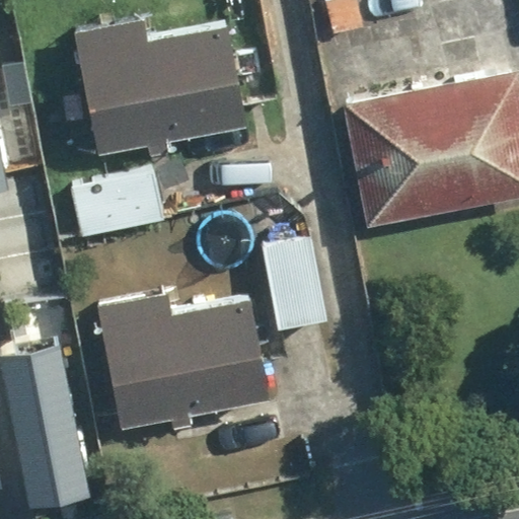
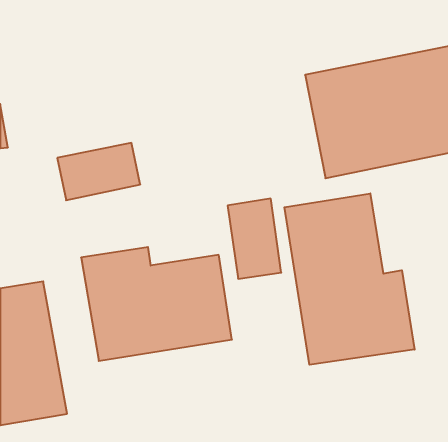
building: [79,19,245,158] -> none
building: none -> [284,193,415,365]

